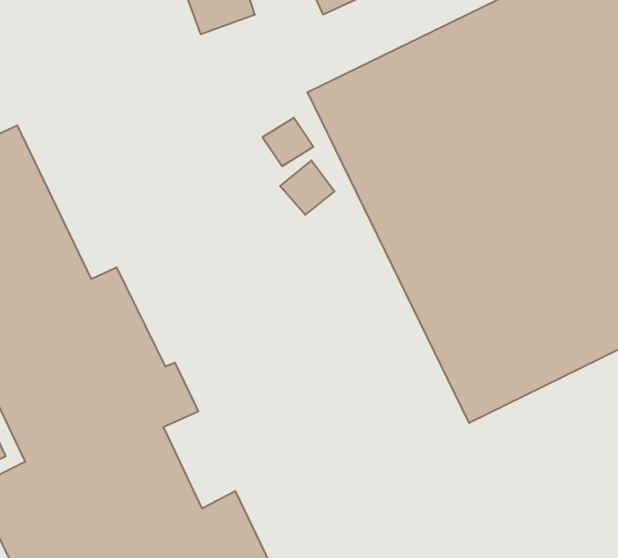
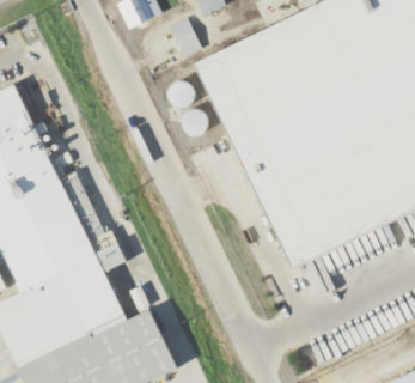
building: none -> [170,18,201,57]

